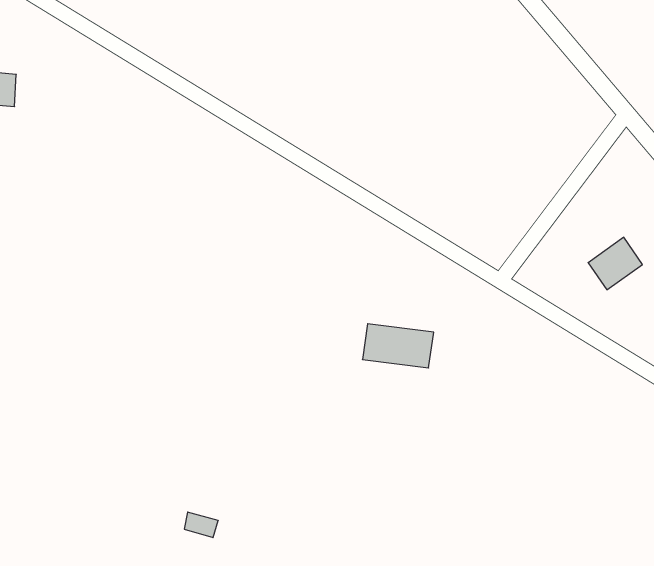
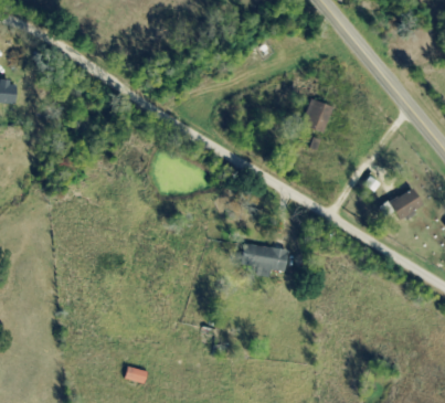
building: none -> [301,99,333,134]

